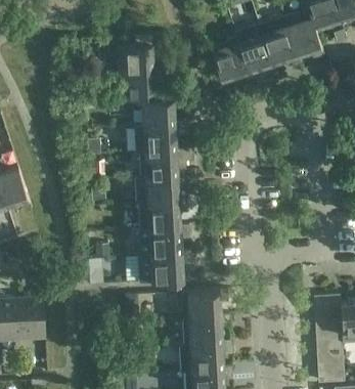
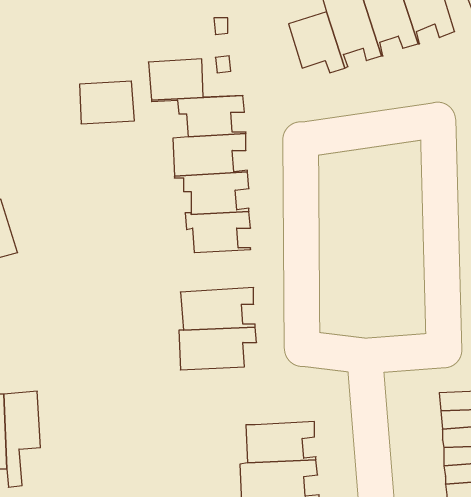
building: [117,48,153,77] -> [80,81,134,124]
building: [138,203,188,231] -> none
building: [188,292,229,320] -> none

